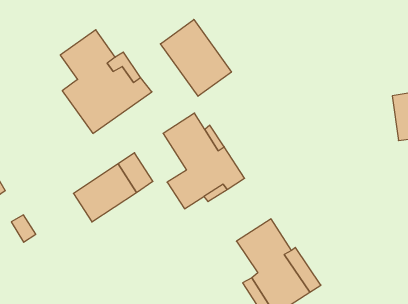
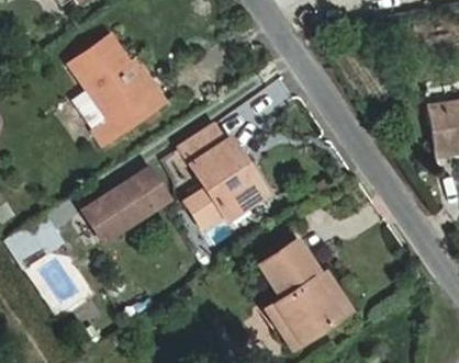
building: [160,19,231,96] -> none

